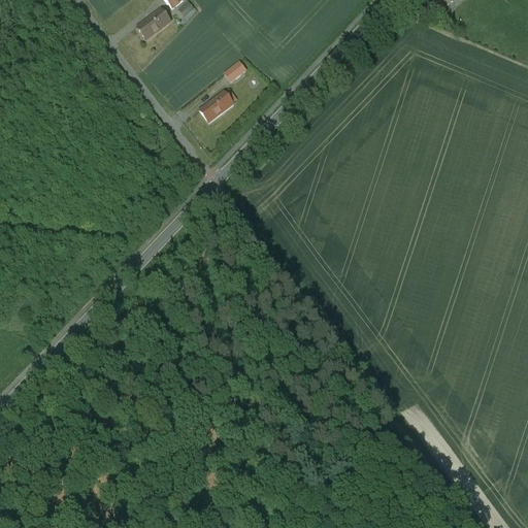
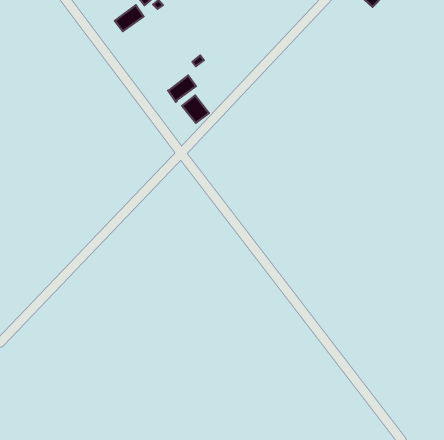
building: none -> [182,95,209,123]

